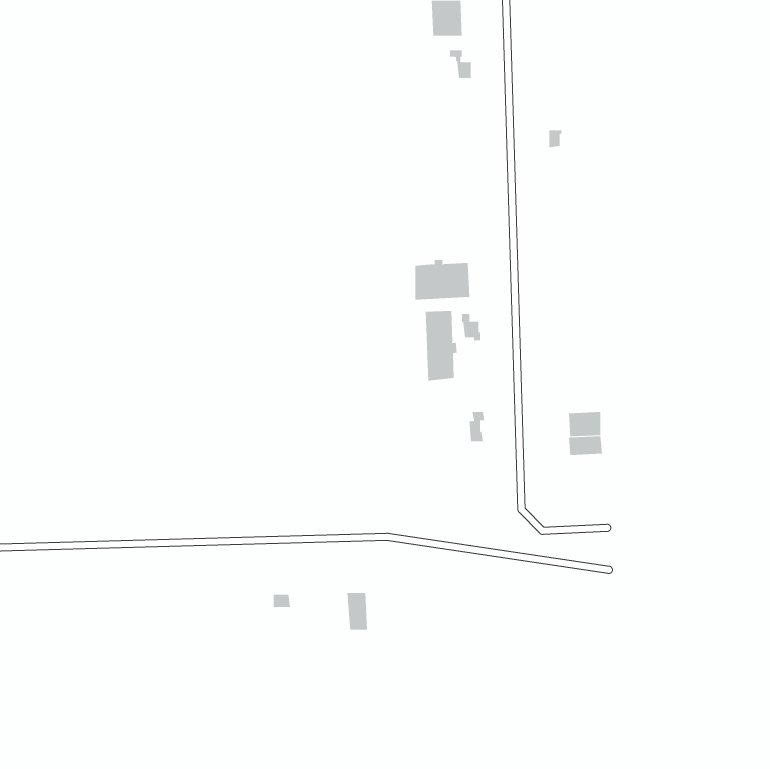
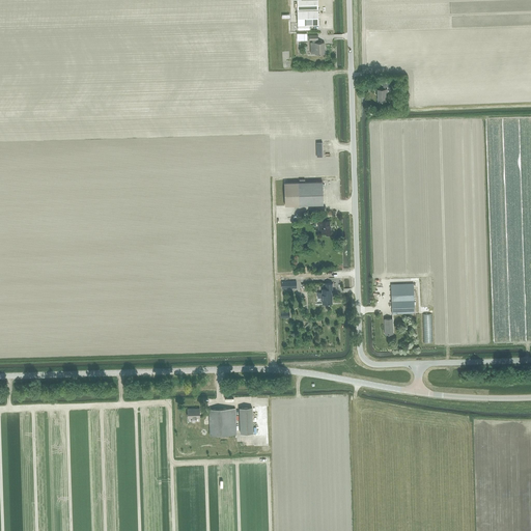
building: [425,310,457,381] -> none
building: none -> [203,409,236,437]

